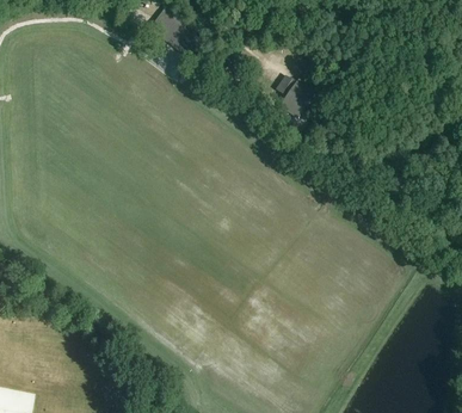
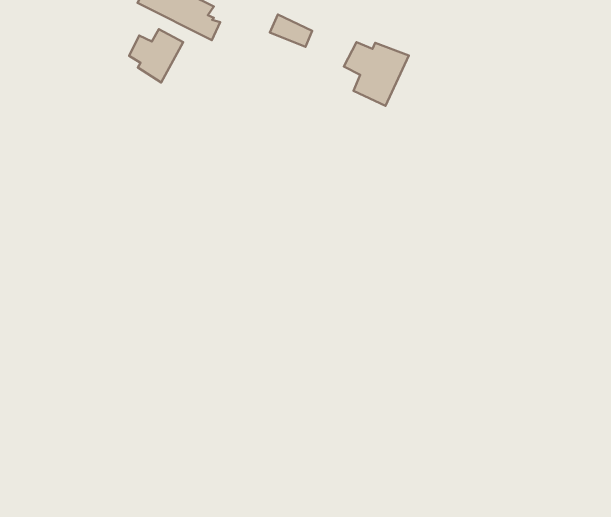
building: none -> [129,29,183,83]

